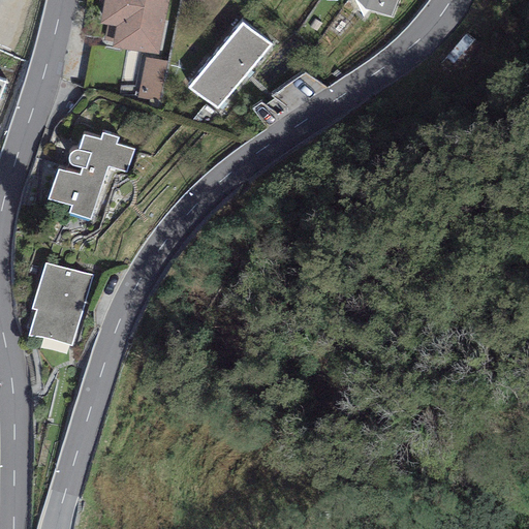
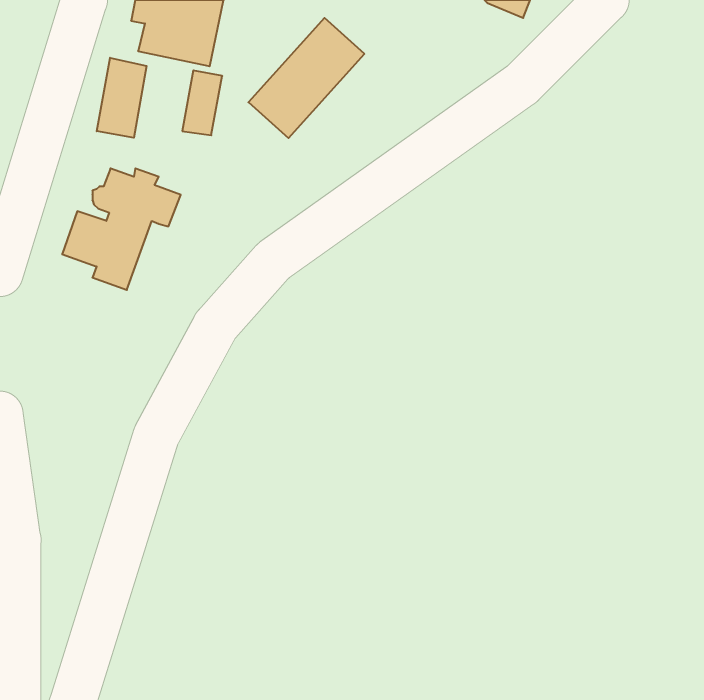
building: none -> [97,58,147,138]
building: [30,260,94,345] -> none

